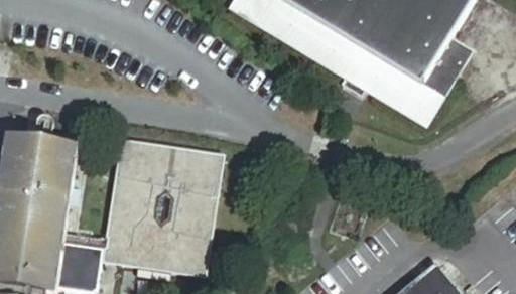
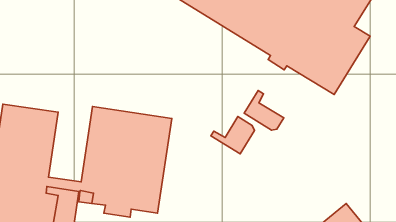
building: none -> [244,90,284,130]
building: none -> [211,116,254,154]

